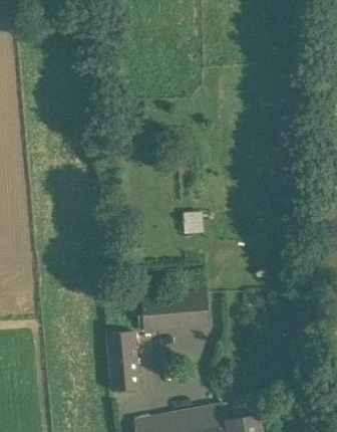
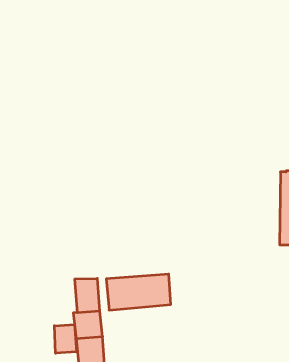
building: none -> [75,278,99,313]
building: none -> [54,324,76,353]

